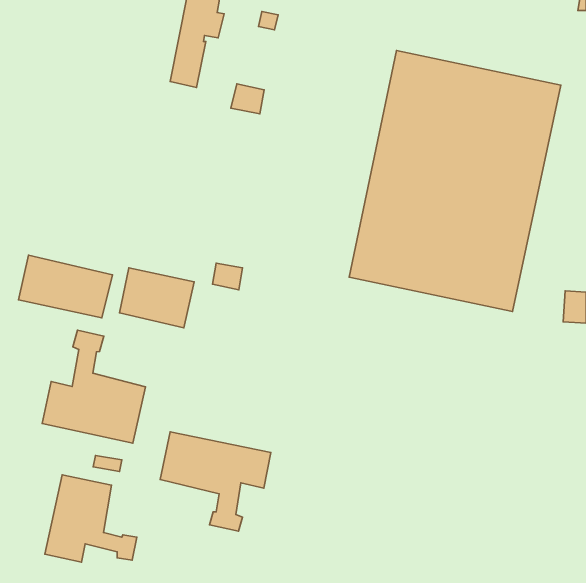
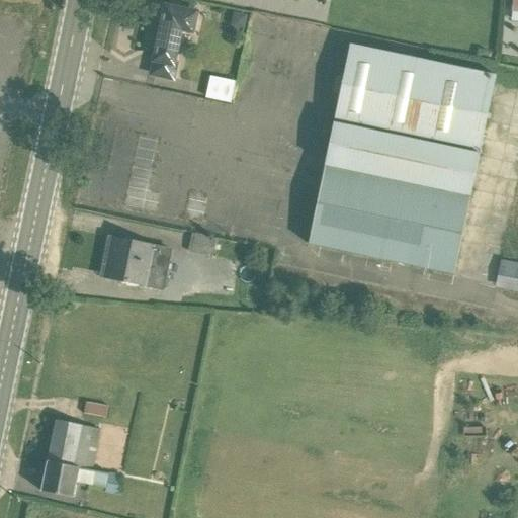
building: [19,255,113,318] -> none
building: [42,330,146,443] -> none
building: [160,432,271,531] -> none

